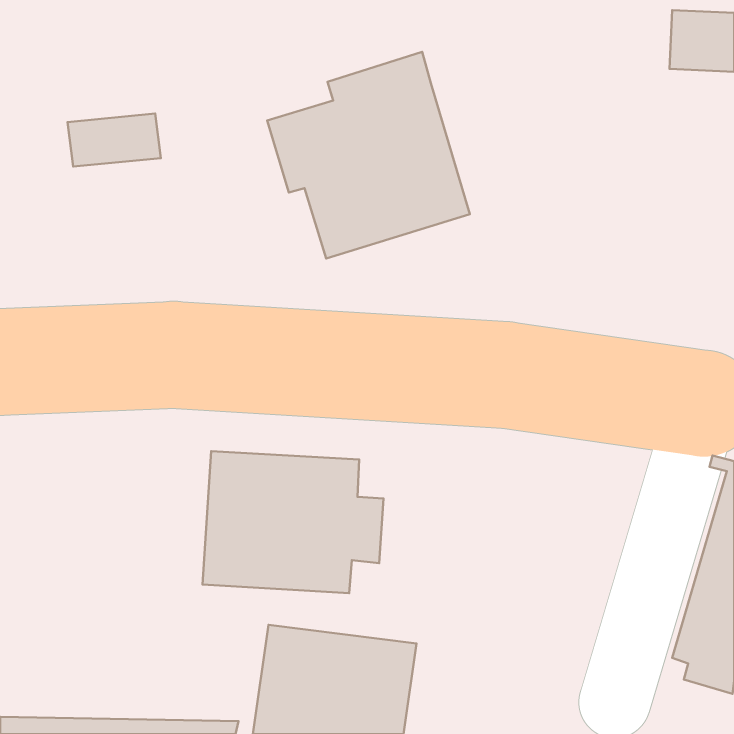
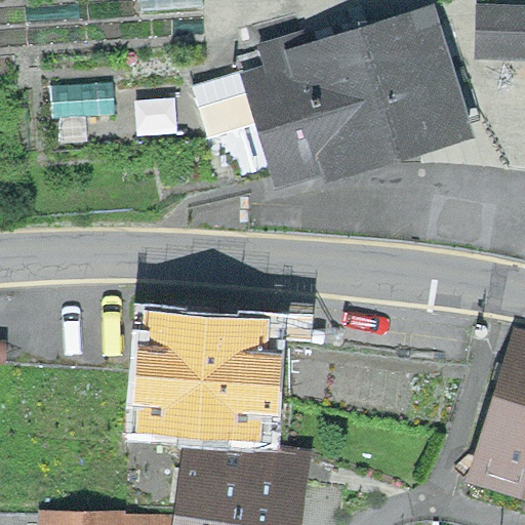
building: none -> [308,24,476,153]

